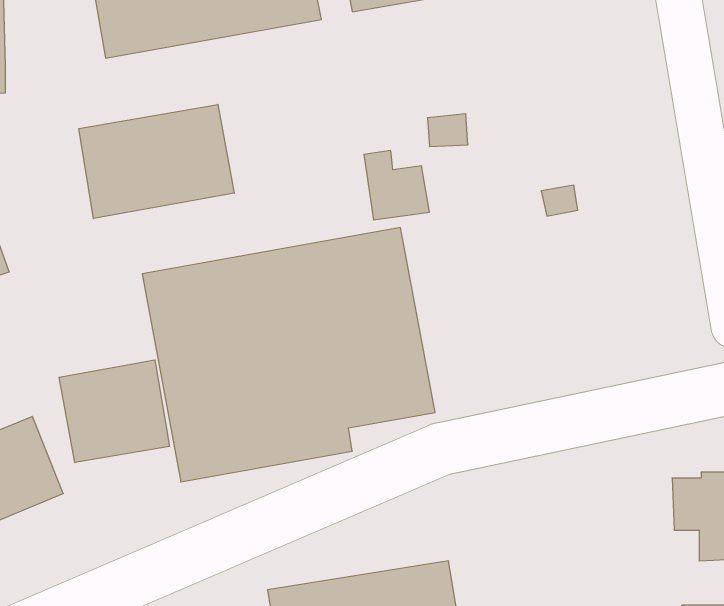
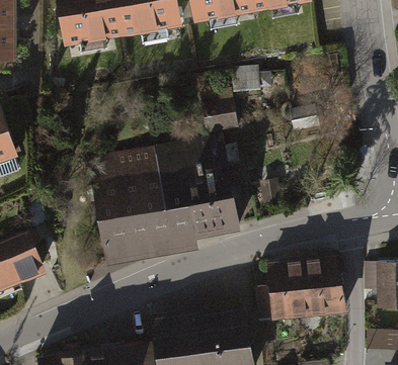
building: [79,104,234,219] -> none
building: [59,360,169,463] -> none
building: none -> [267,256,345,324]

